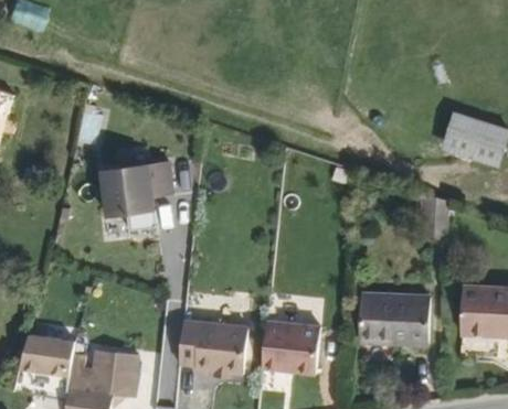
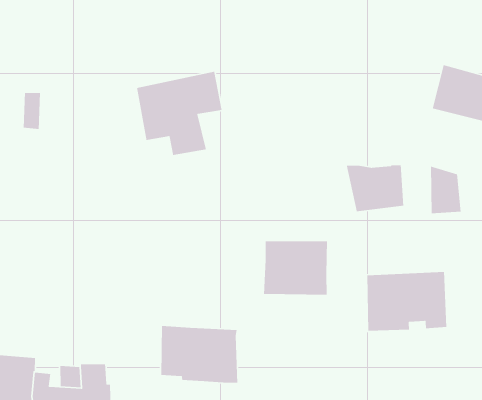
building: [96,165,169,236] -> [136,71,222,156]
building: none -> [346,165,404,212]
building: [264,320,322,370] -> [263,240,328,296]

